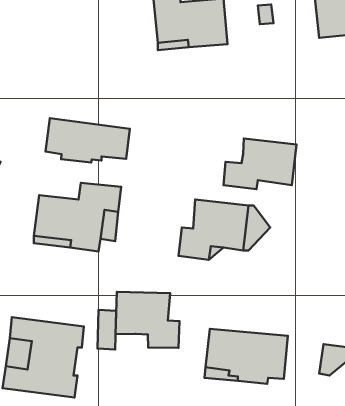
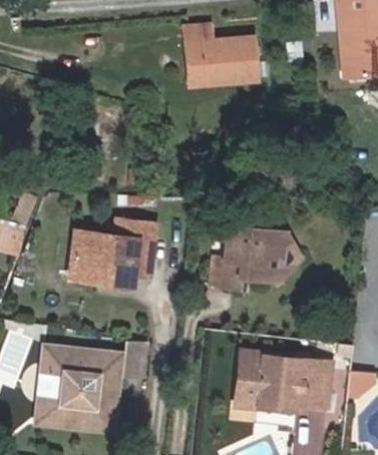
building: [46,118,130,163] -> none
building: [224,138,297,189] -> none
building: [115,292,179,348] -> none
building: none -> [295,363,329,412]

